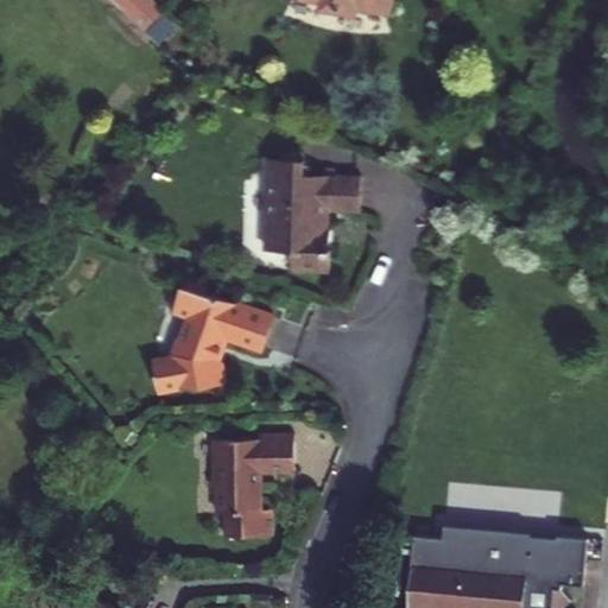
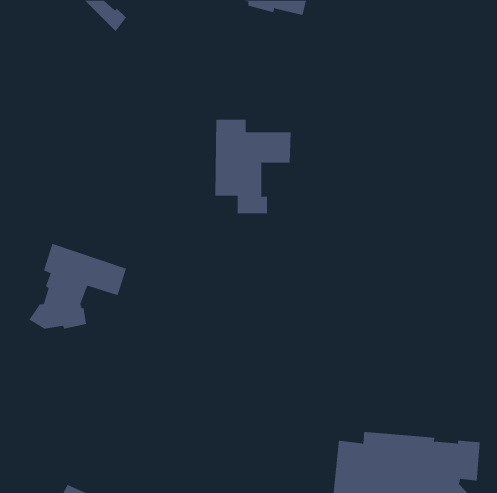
building: [152,285,272,390] -> [28,243,127,329]
building: [210,432,293,537] -> none

